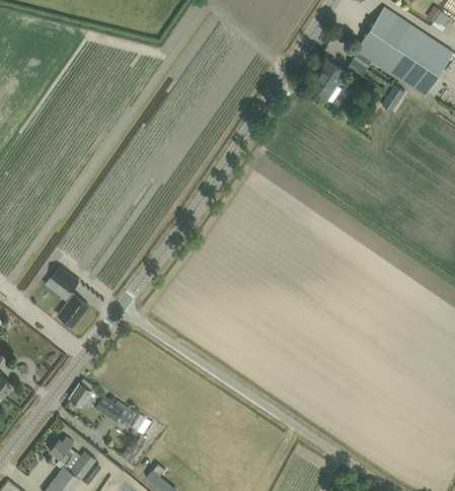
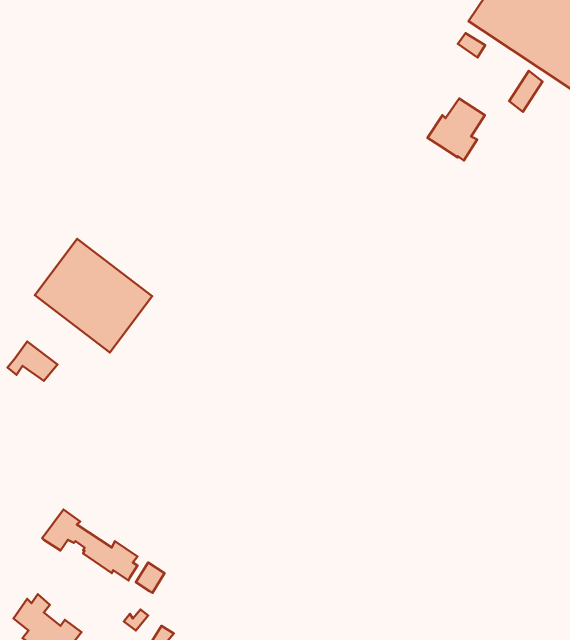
building: [308,62,347,103] -> [427,99,485,161]
building: none -> [35,239,152,352]
building: [58,295,88,328] -> none

